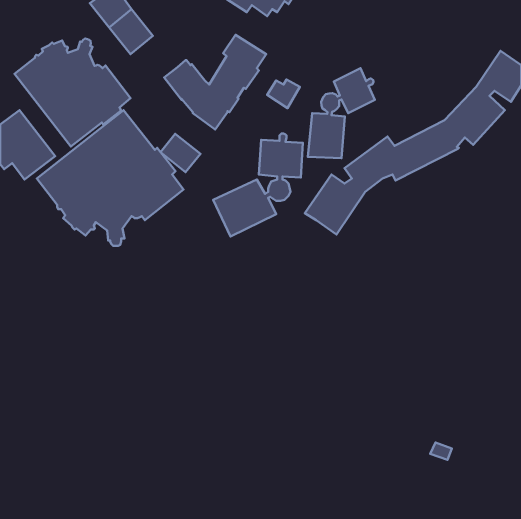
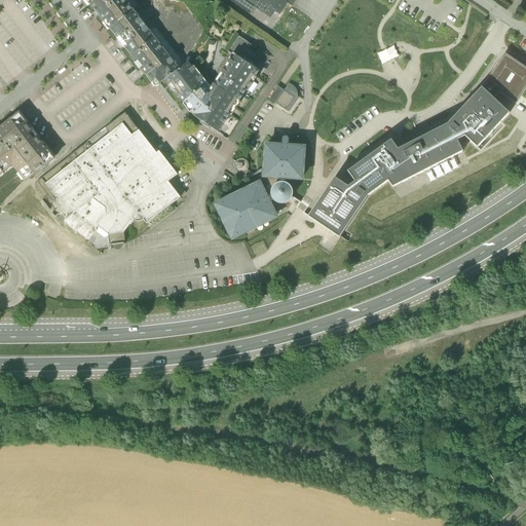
building: none -> [132,36,179,84]
building: [15,39,131,146] -> none
building: [308,68,375,158] -> none
building: [160,134,200,172] -> none

